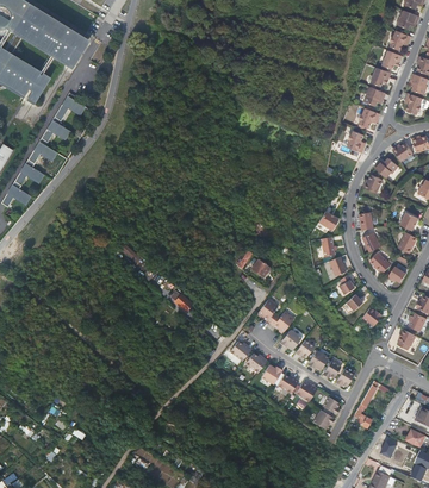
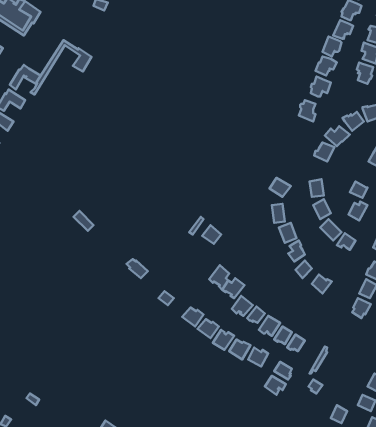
building: none -> [31,40,91,95]

